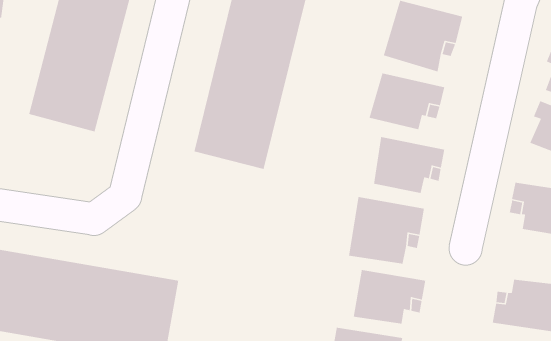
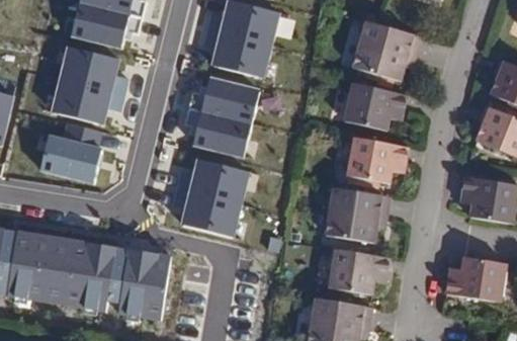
building: none -> [35,131,101,183]
building: none -> [180,160,254,241]

